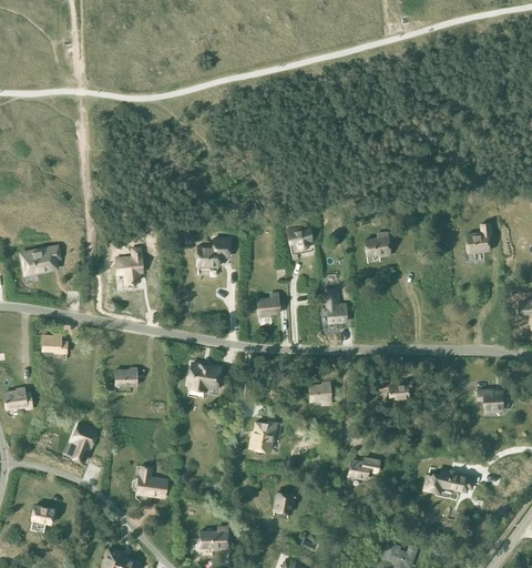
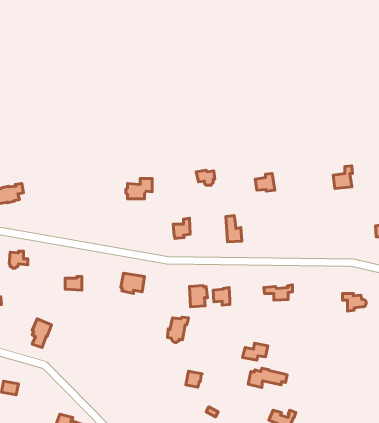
building: [115,248,143,283] -> none
building: none -> [189,285,208,307]
building: [133,466,167,497] -> none
building: [423,469,474,495] -> [248,368,287,387]
building: [200,527,228,550] -> none

